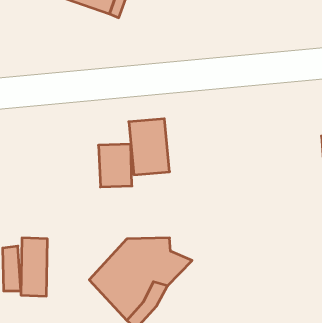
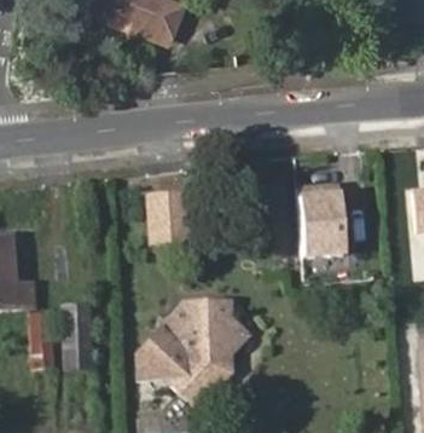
building: [129,119,170,175] -> [296,195,344,261]

